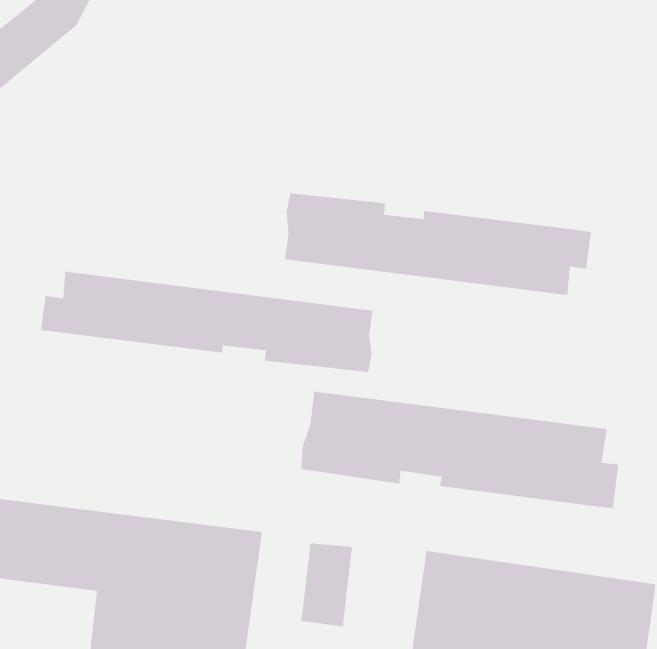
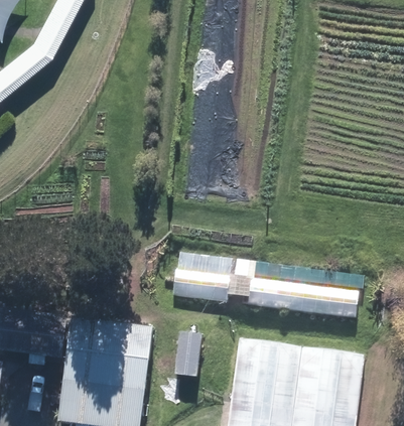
building: [284,193,592,296] -> none
building: [40,271,373,373] -> none

